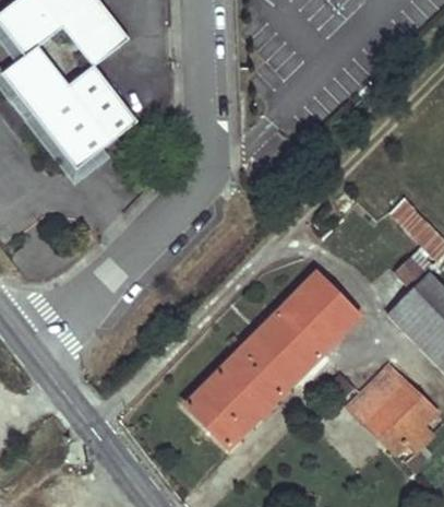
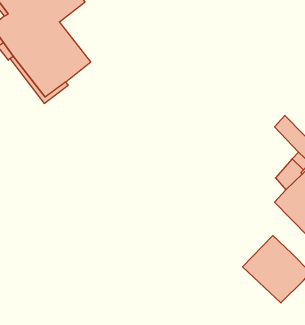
building: [187,272,359,446] -> none

